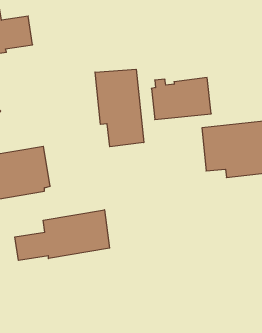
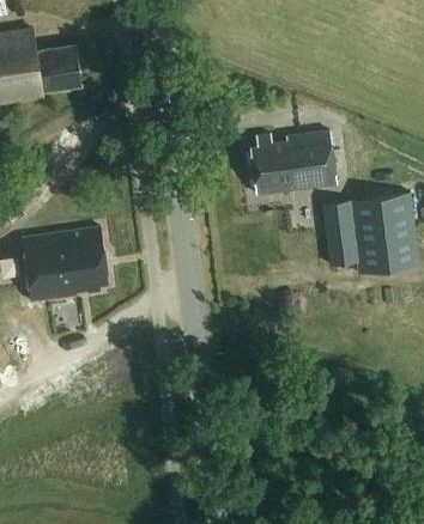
building: [95,69,144,147] -> none
building: [15,210,110,260] -> none

